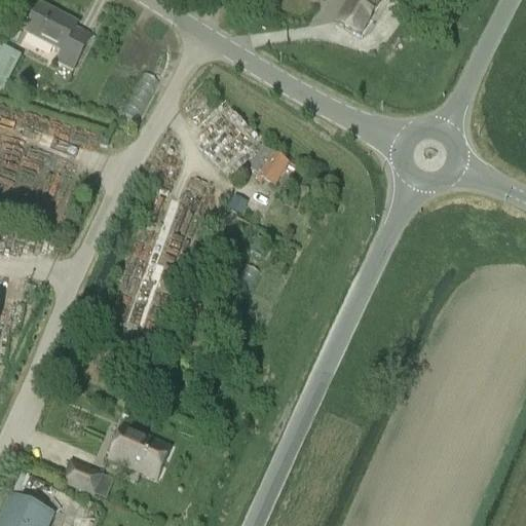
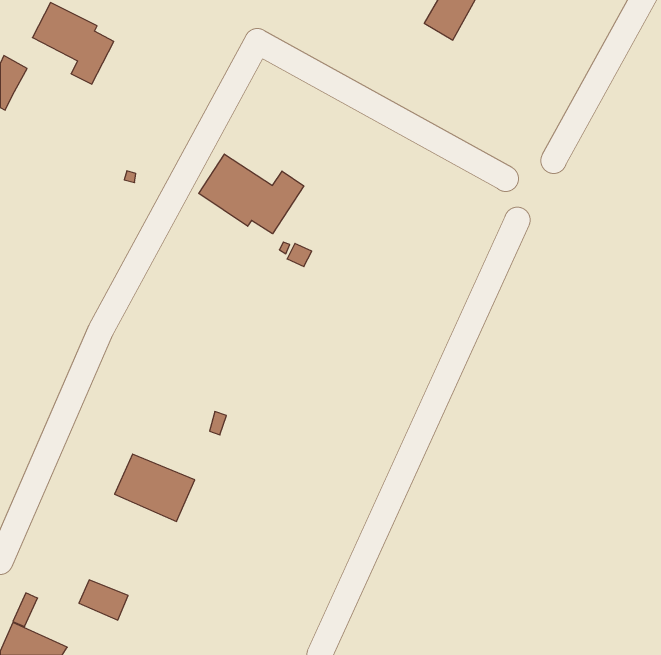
building: none -> [199,154,304,234]
building: [246,146,289,184] -> none
building: [108,424,172,478] -> [115,454,195,521]

